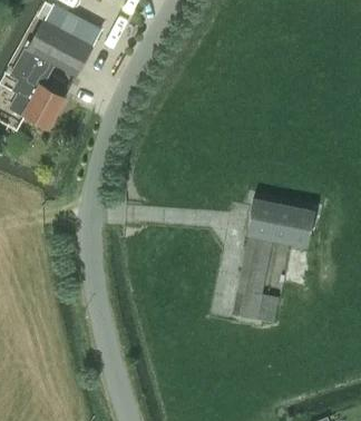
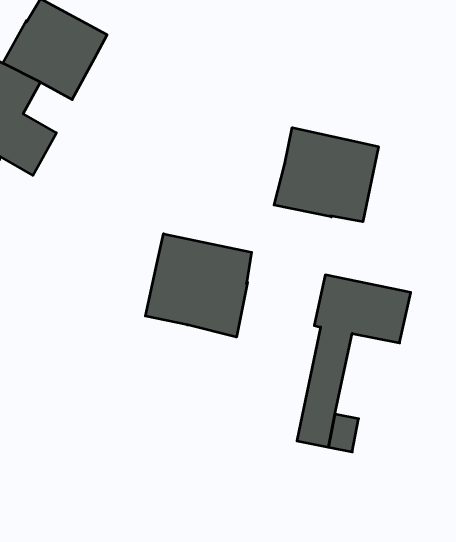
building: none -> [274,128,378,222]
building: none -> [145,234,252,337]

